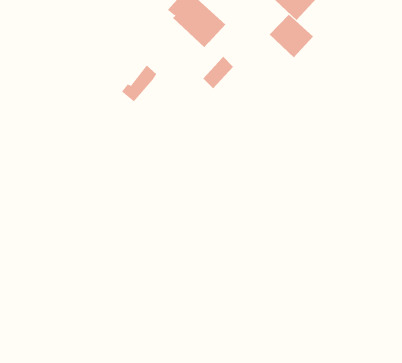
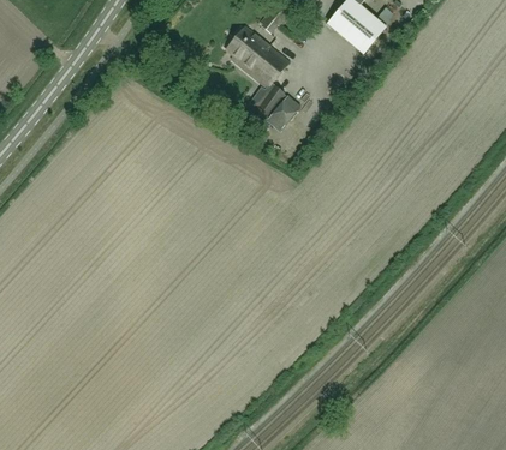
building: [269,14,314,58] -> none
building: [121,65,157,102] -> [246,83,284,124]

